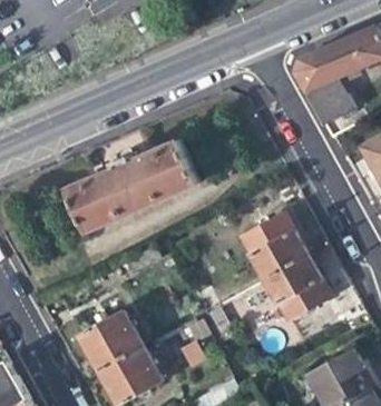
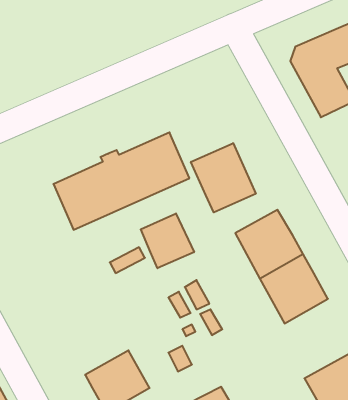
building: none -> [191,143,256,212]
building: none -> [141,213,194,268]
building: [80,310,140,368] -> none

